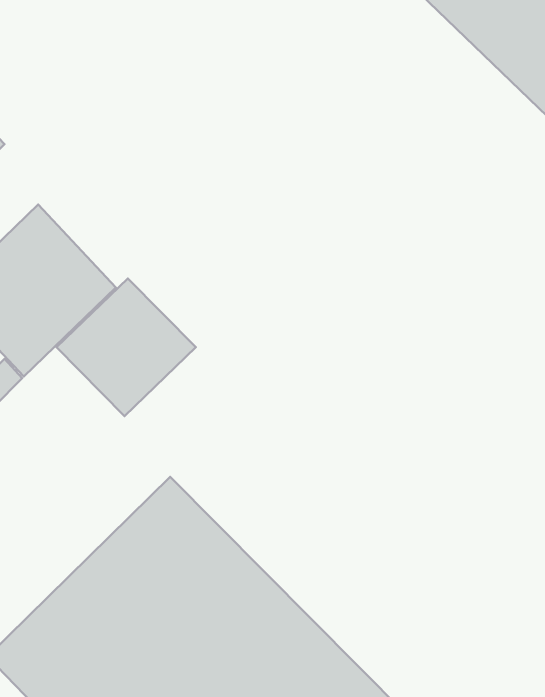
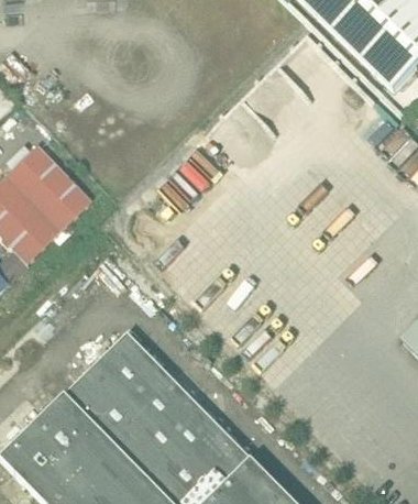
building: [56,278,196,416] -> none

